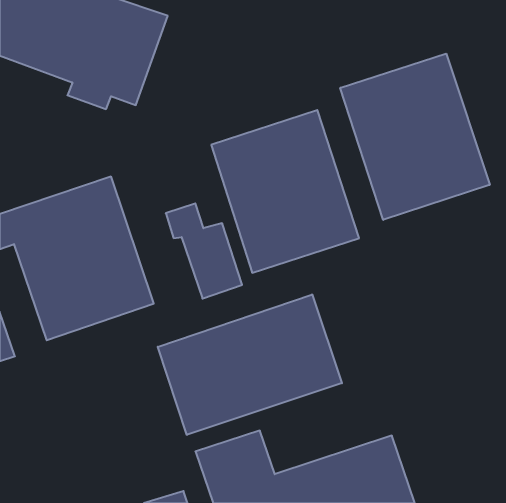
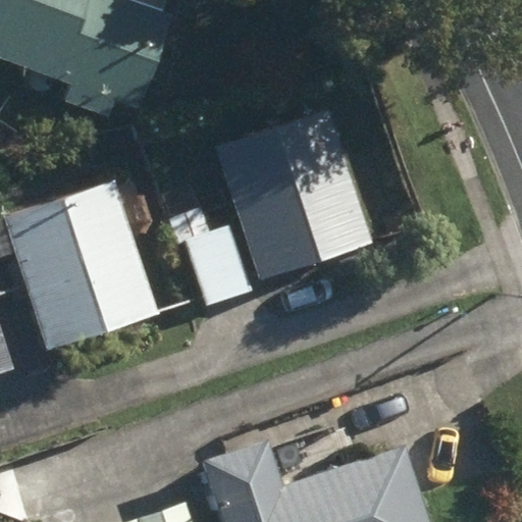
building: [340,54,490,220] -> none
building: [158,294,342,435] -> none

